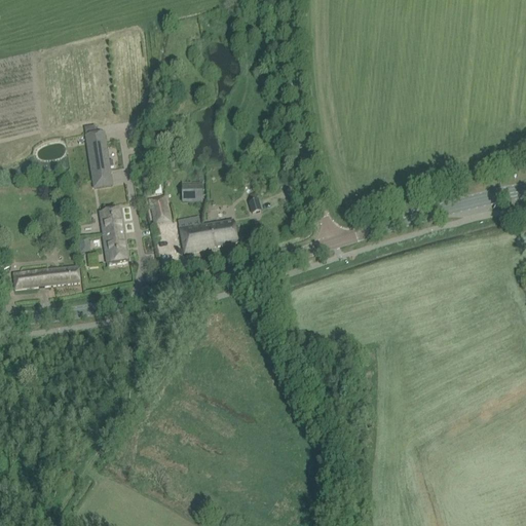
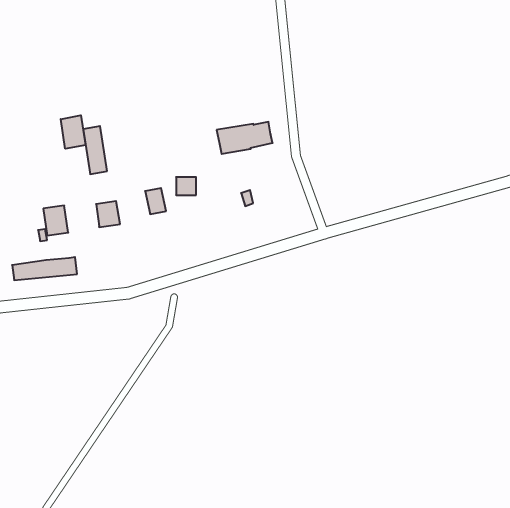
building: none -> [61,115,85,149]
building: [179,219,236,252] -> [217,122,273,154]
building: [102,230,127,261] -> [43,206,68,236]

